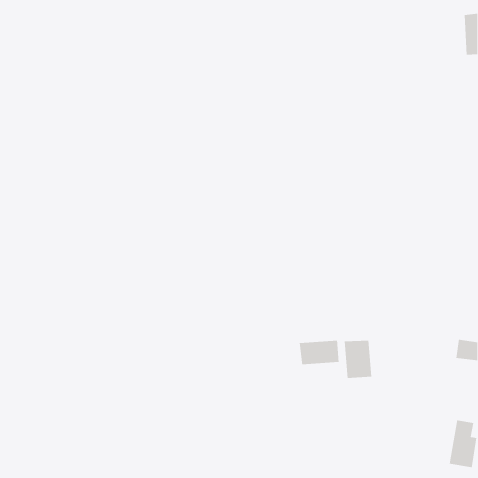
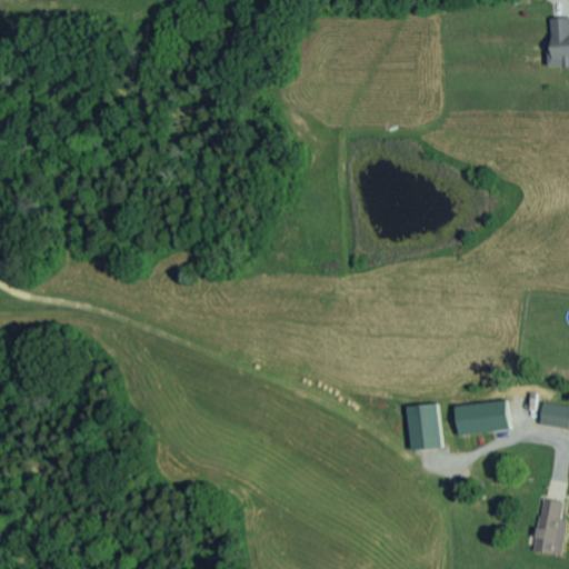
building: none -> [455,400,509,436]
building: [299,340,339,365] -> none

